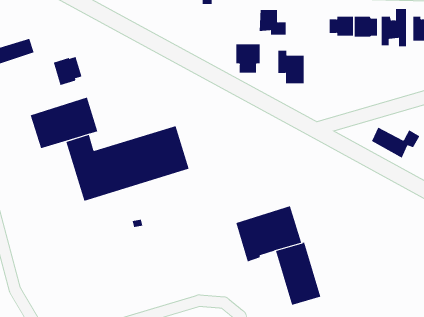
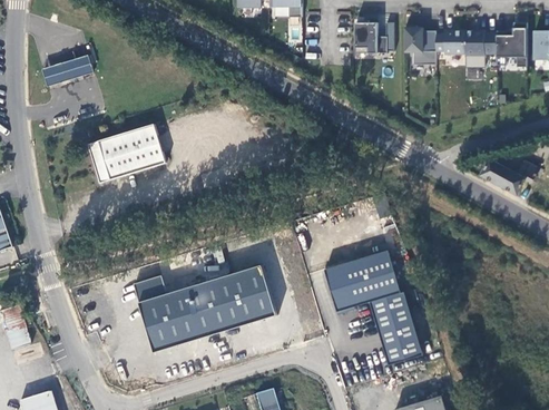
building: [236,44,260,74] -> none
building: [277,50,304,84] -> [401,25,432,64]
building: [53,56,82,86] -> none
building: [65,125,190,201] -> [133,265,276,353]

